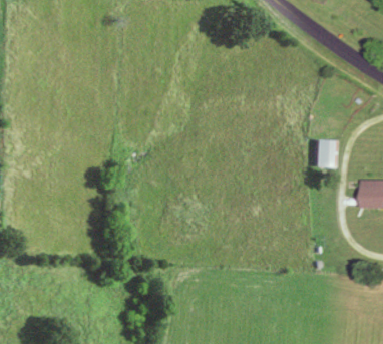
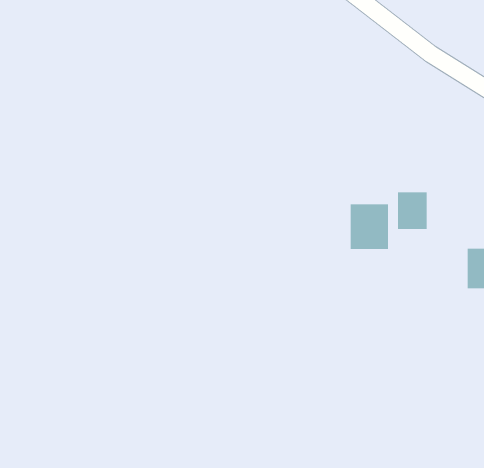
building: none -> [350,204,389,250]

